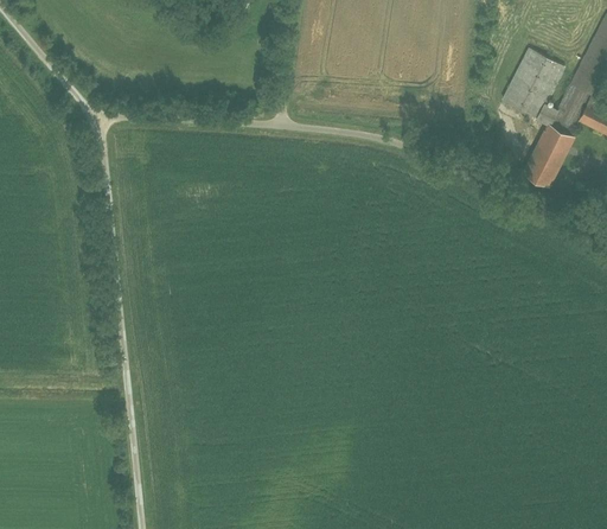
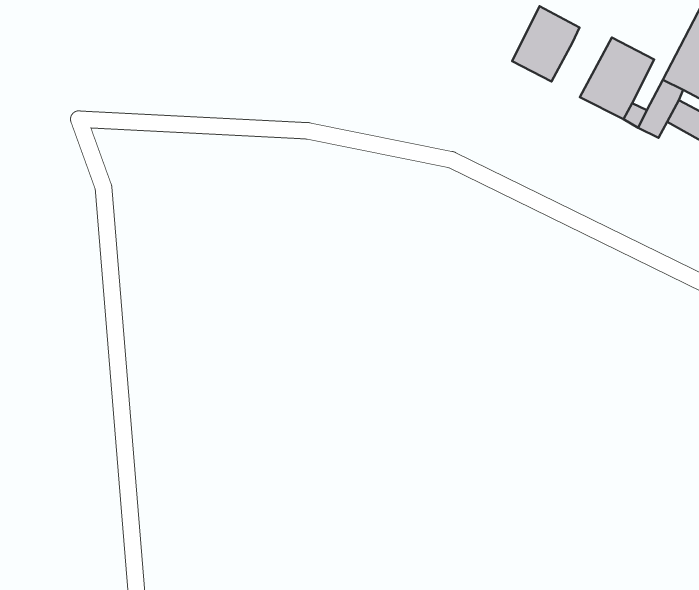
building: none -> [512,6,580,81]
building: [523,125,575,187] -> none

